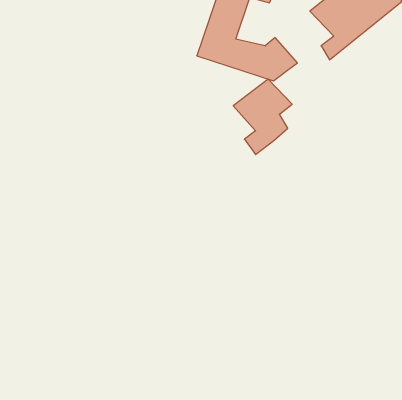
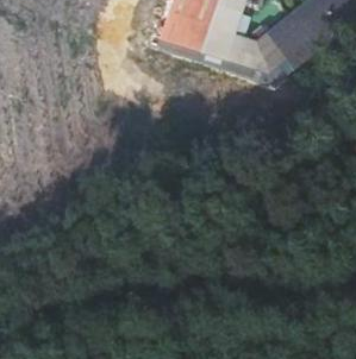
building: [233,79,292,155] -> [241,19,291,83]

